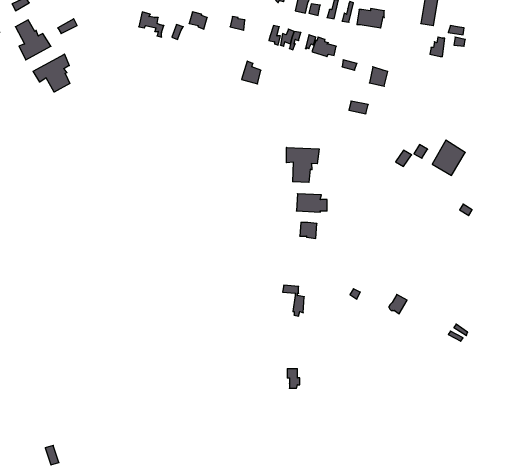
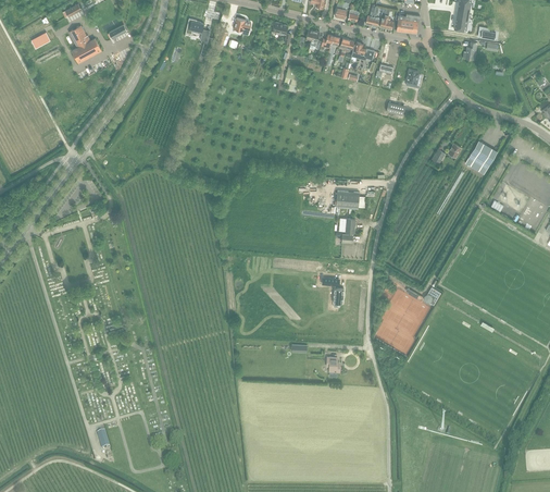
building: [33,54,70,92] -> none
building: [287,147,319,182] -> none

